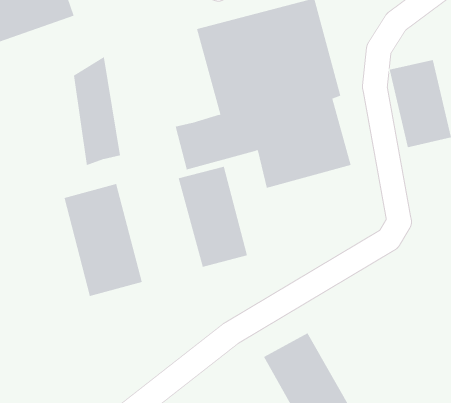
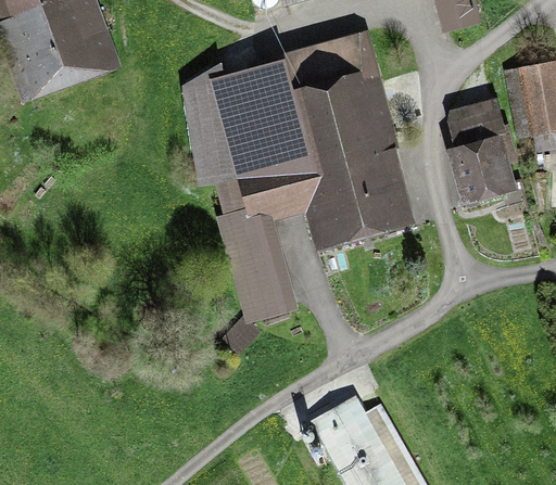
building: [73,56,121,166] -> [187,66,238,183]
building: [64,183,142,297] -> none

